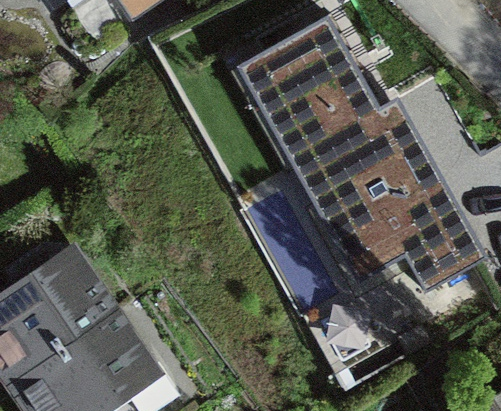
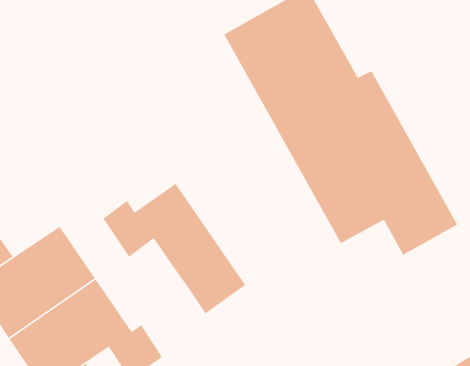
building: none -> [102,183,246,315]

